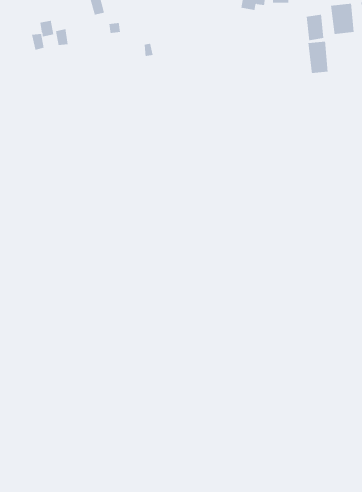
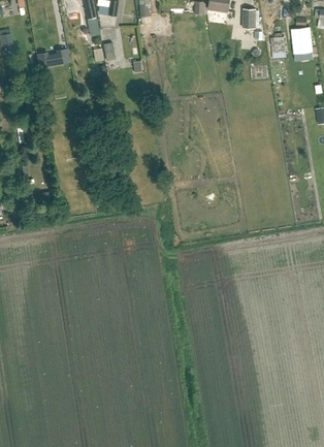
building: [308,41,328,74] -> none

